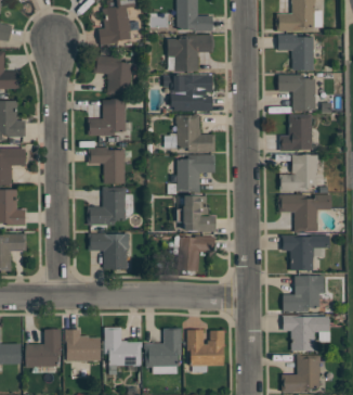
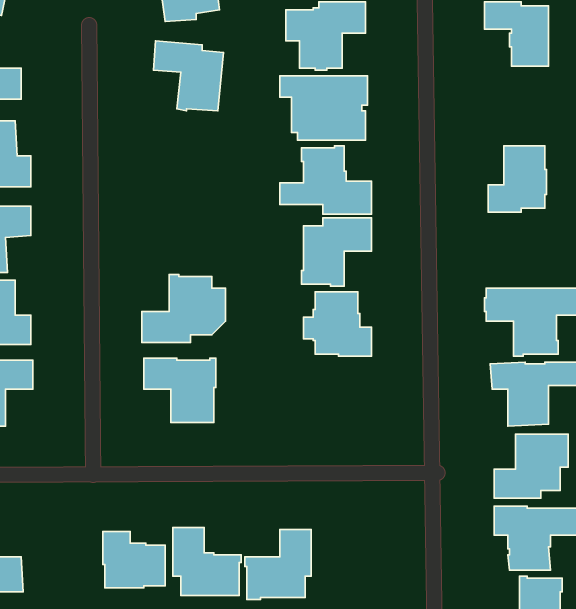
building: [278,75,316,111] -> none
building: [86,99,125,136] -> none
building: [88,148,125,183] -> none
building: [279,155,317,191] -> none
building: [179,235,214,271] -> none
building: [25,330,61,368] -> none
building: [186,330,224,366] -> none

